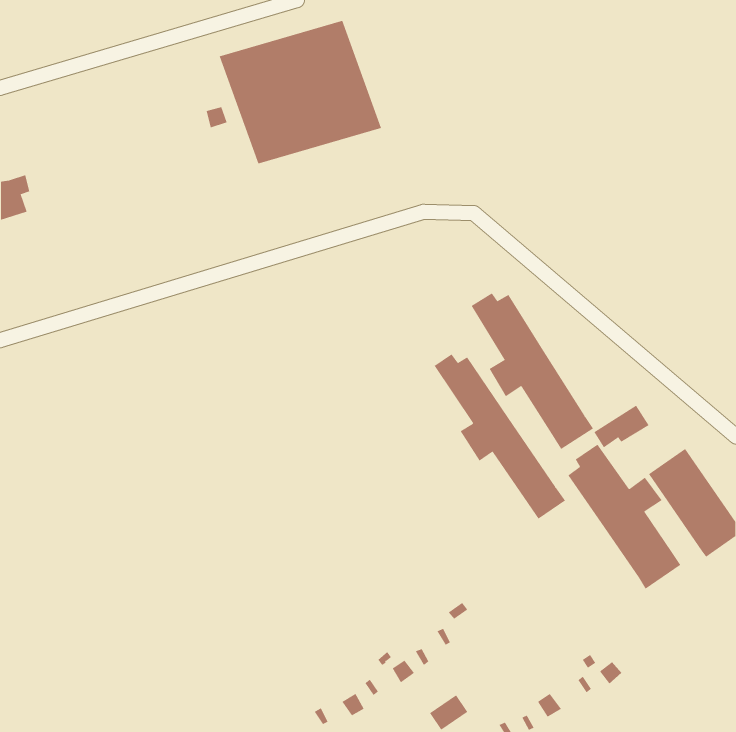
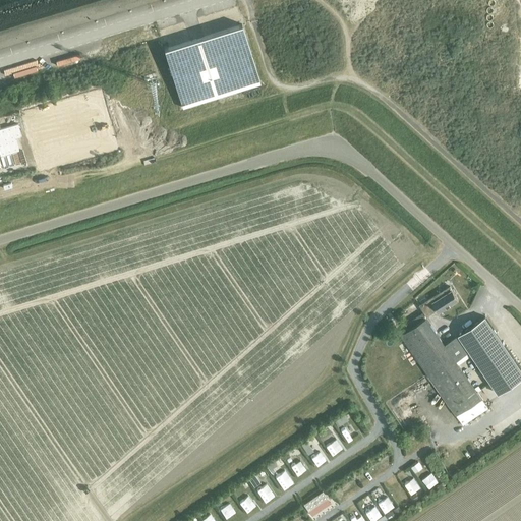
building: [471,292,594,450] -> none
building: [434,354,566,520] -> none

